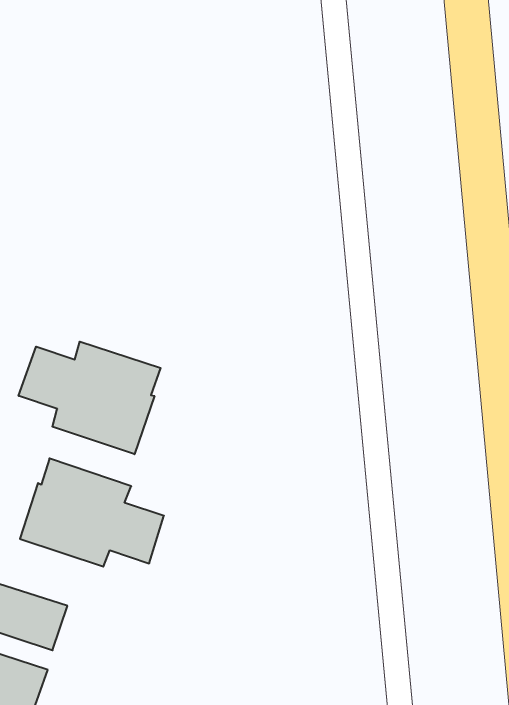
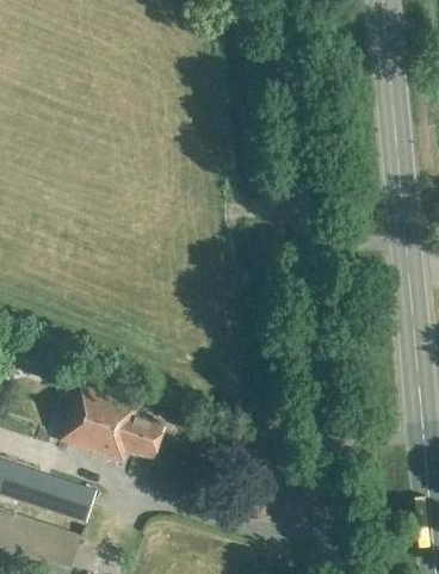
building: [19,342,161,454] -> none

